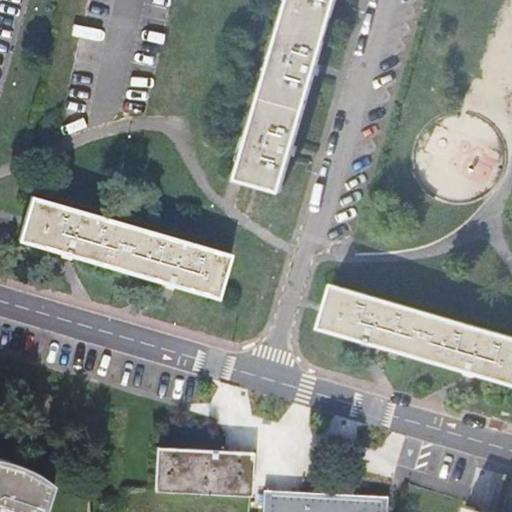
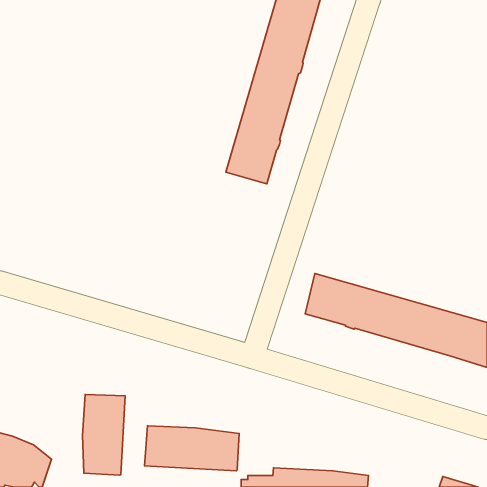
building: [18,199,227,298] -> none
building: none -> [82,394,125,475]

